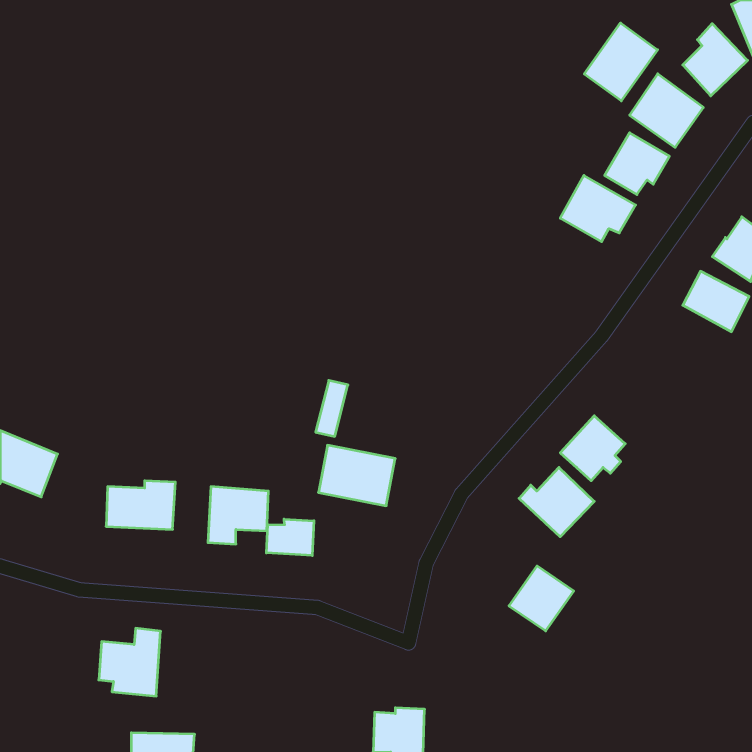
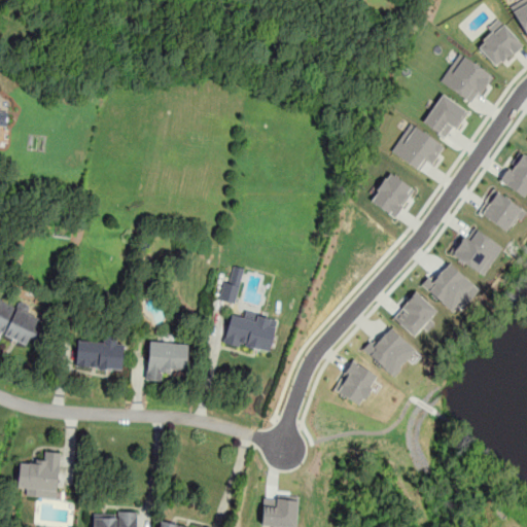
building: [584,23,658,101] -> none
building: none -> [370,172,414,218]
building: none -> [449,227,502,276]
building: none -> [421,262,479,312]
building: [266,519,314,556] -> none
building: [509,566,574,631] -> [333,360,379,406]
building: [99,628,161,696] -> [17,451,61,498]

